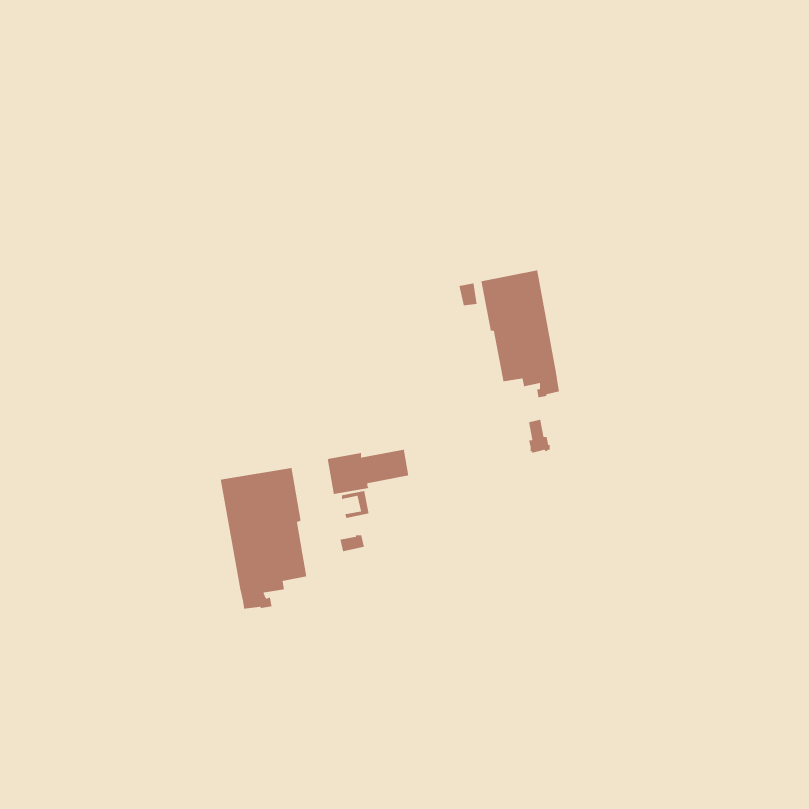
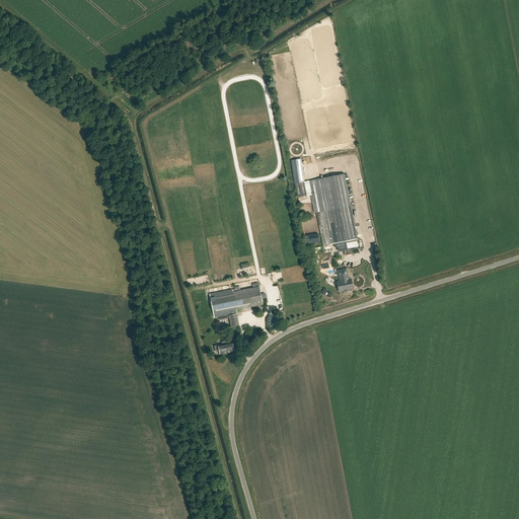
building: [220,467,307,609] -> none

